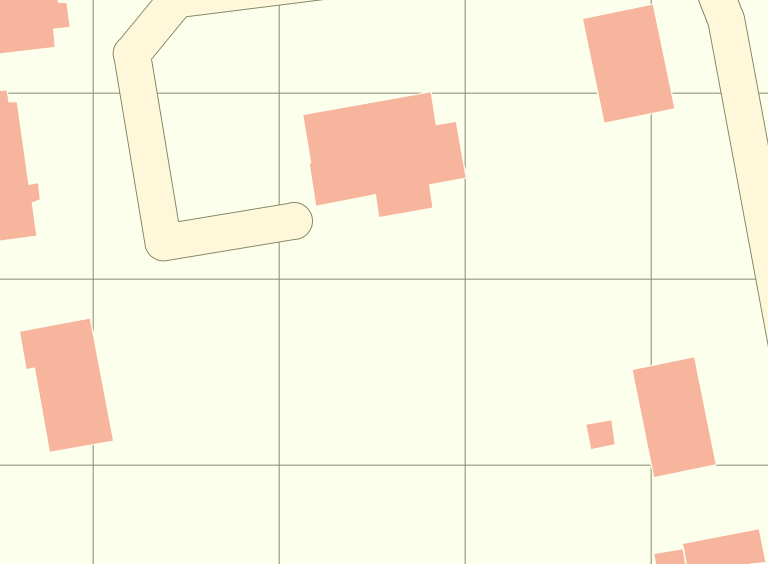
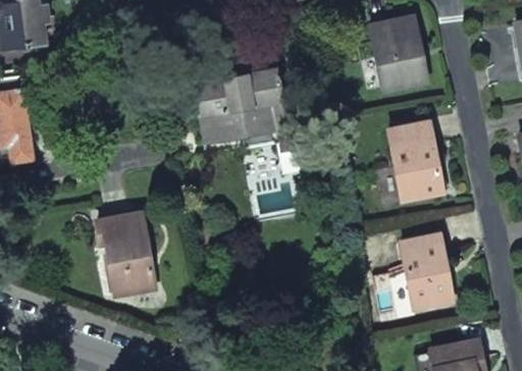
building: none -> [388,122,441,201]
building: [19,318,114,452] -> [97,213,155,296]

